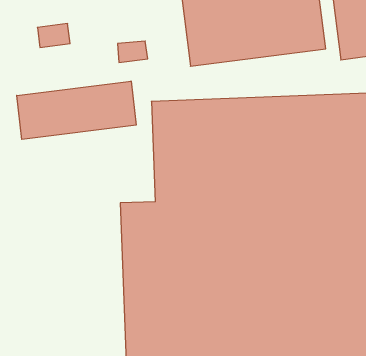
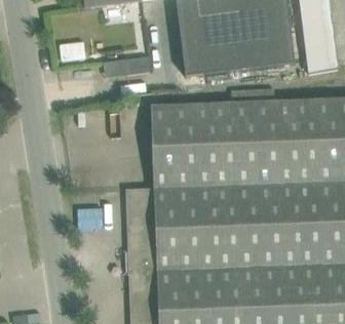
building: [17,81,136,139] -> none

